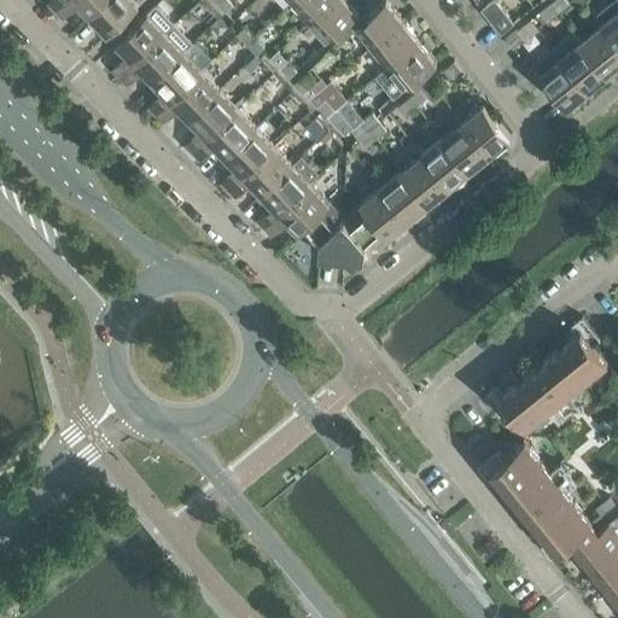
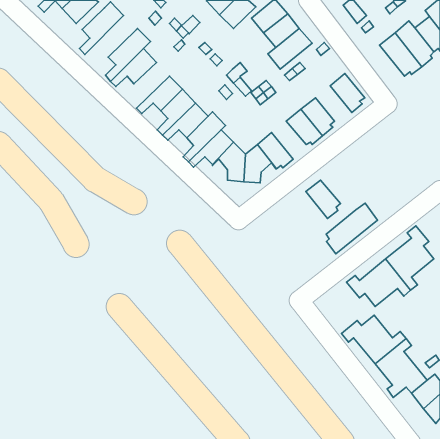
building: [118,27,191,88] -> none
building: [183,92,237,156] -> none
building: [441,124,491,174] -> none
building: [379,174,427,227] -> [306,180,341,218]
building: none -> [326,203,377,254]

